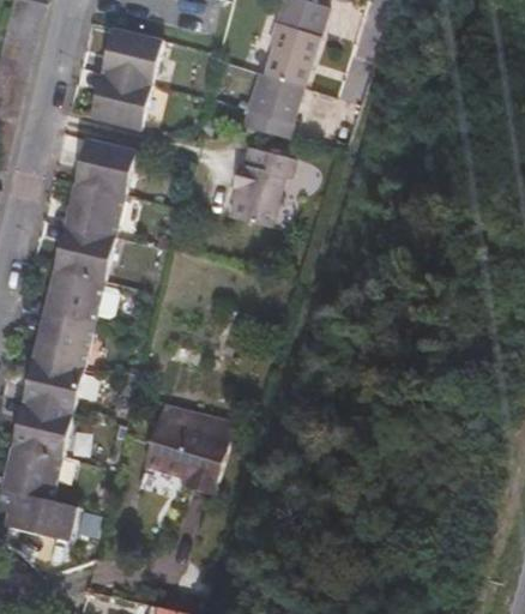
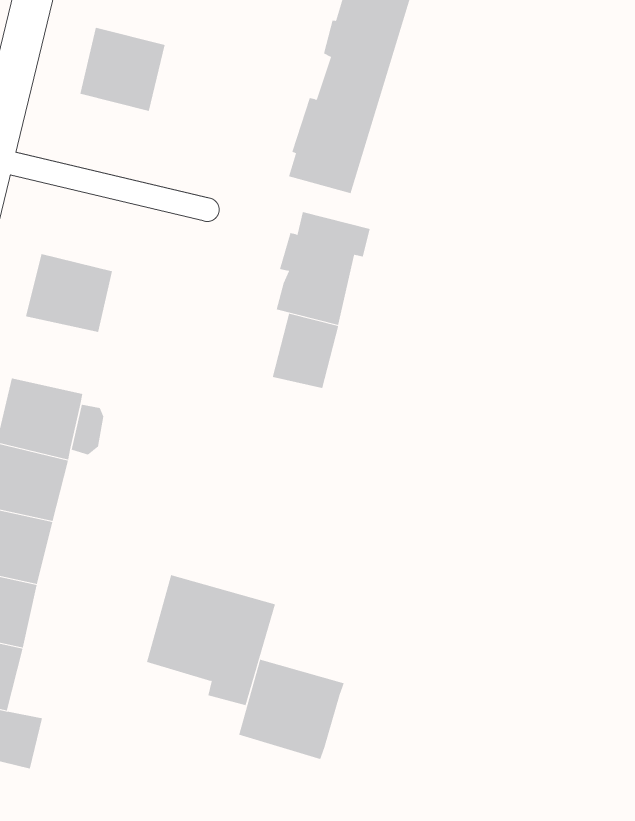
building: [89,74,147,131] -> none
building: [73,139,133,195] -> none
building: none -> [272,313,339,389]
building: [53,227,113,279] -> none
building: none -> [239,659,345,760]

